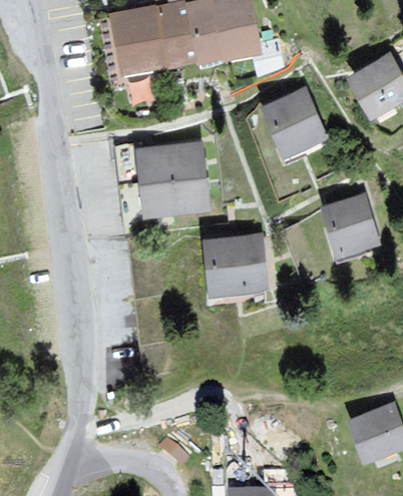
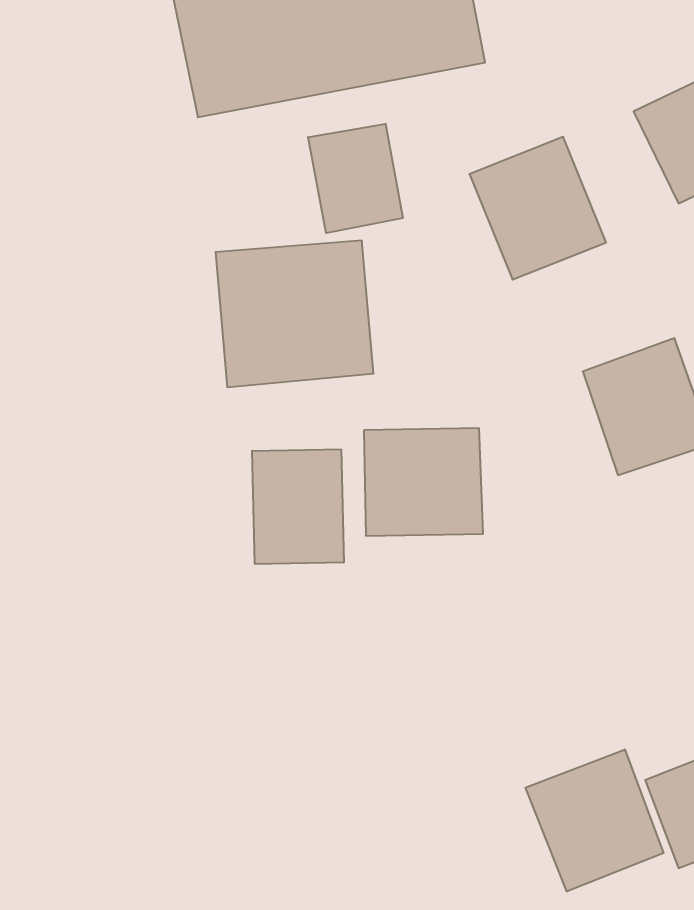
building: none -> [308,124,403,233]
building: none -> [252,449,344,564]
building: none -> [525,749,664,892]

